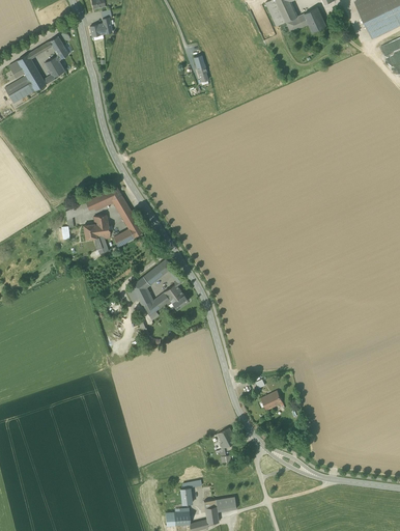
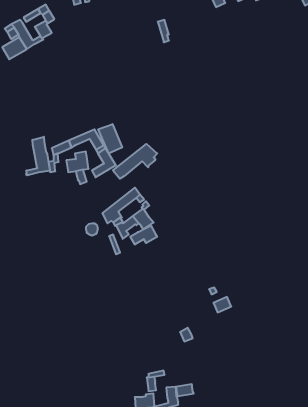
building: none -> [98,124,122,153]
building: none -> [26,137,50,175]
building: none -> [113,144,157,179]
building: none -> [130,226,157,245]

